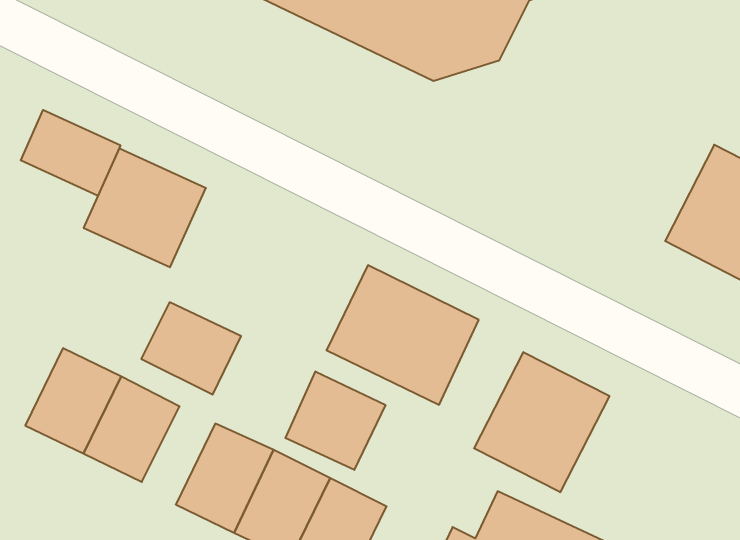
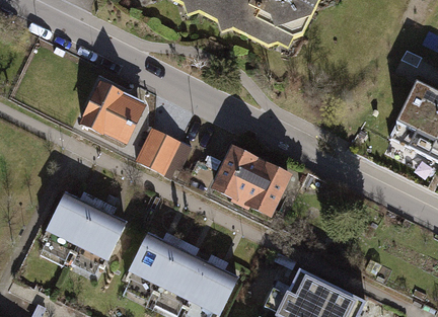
building: [21,110,120,196] -> none
building: [141,302,241,395] -> [137,126,191,175]
building: [474,352,609,492] -> none
building: [285,371,385,470] -> none

